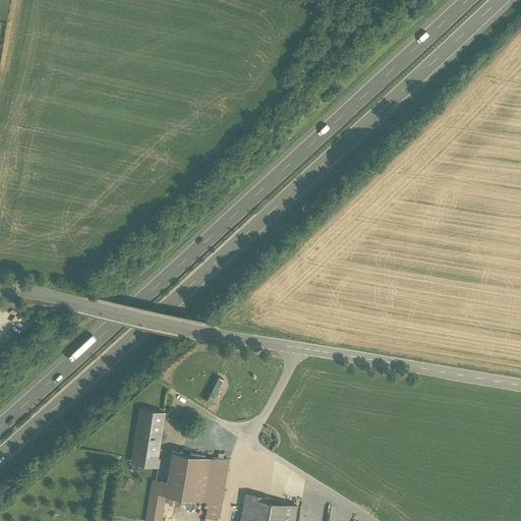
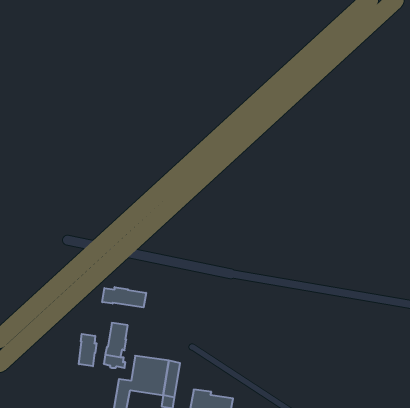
building: none -> [102,287,146,307]
building: none -> [79,334,97,366]

